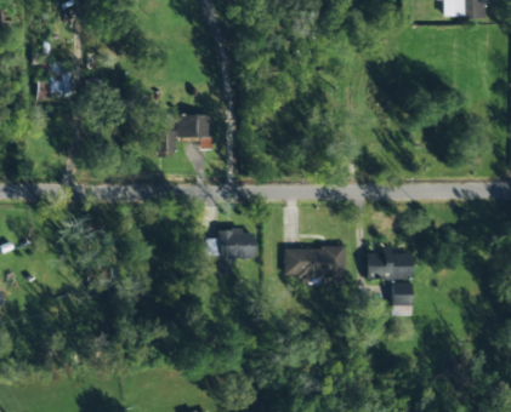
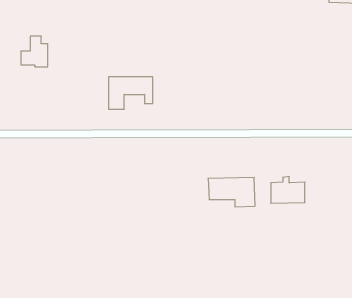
building: [205,228,255,273] -> none
building: [392,282,411,315] -> none

